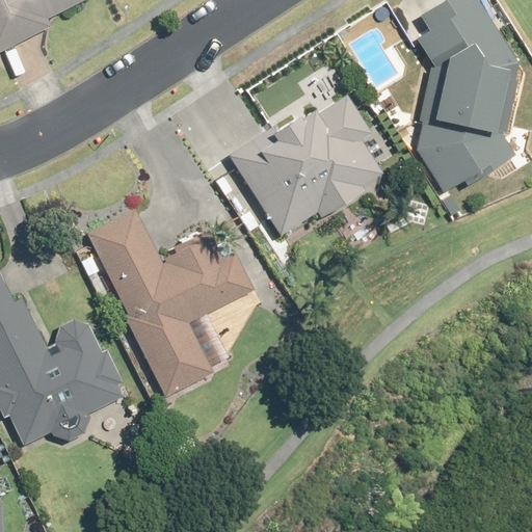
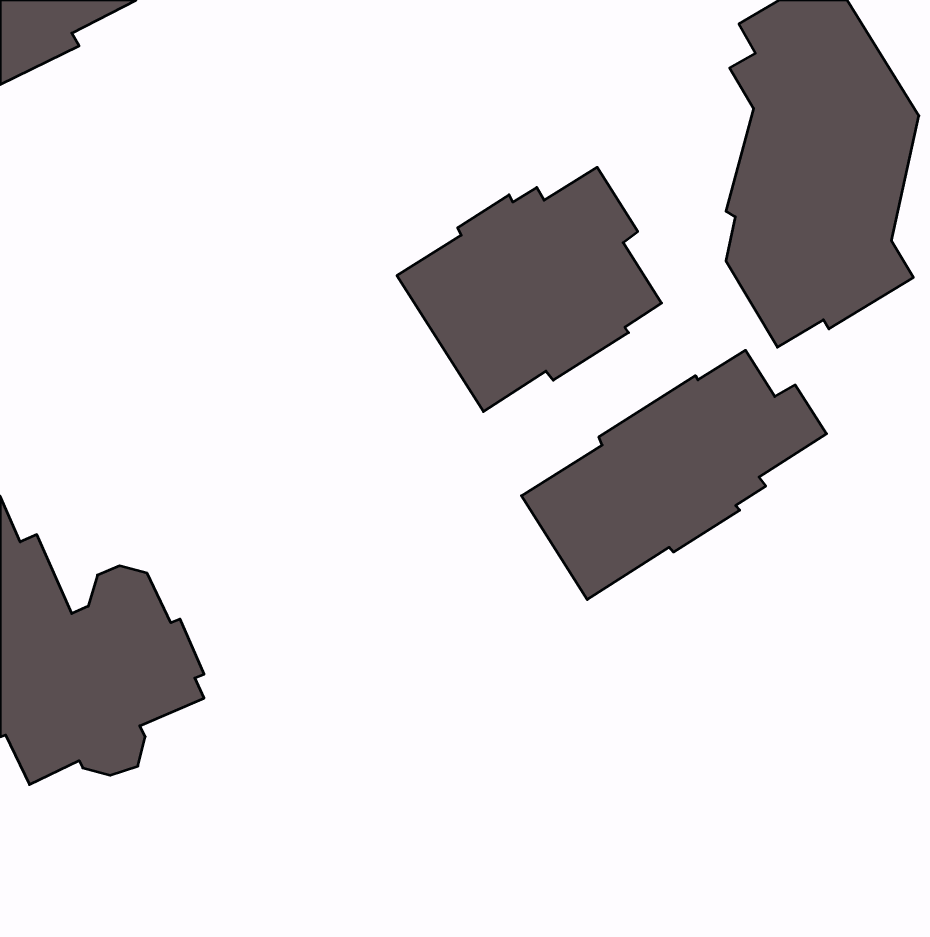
building: none -> [521,350,827,600]
building: [86,212,249,394] -> none

